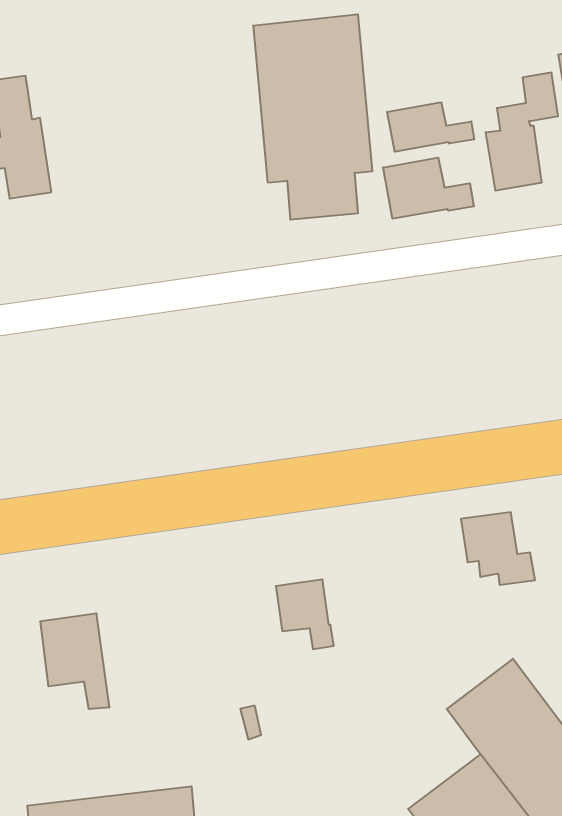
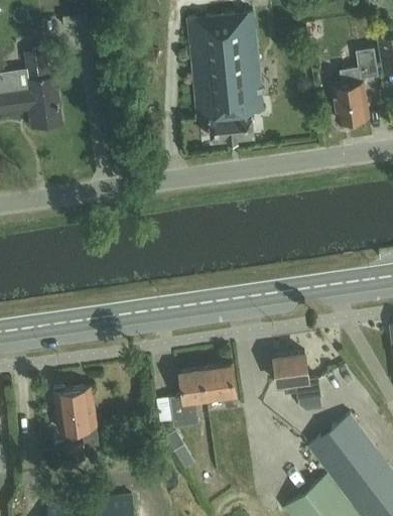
building: [387,102,474,152] -> none
building: [383,158,474,219] -> none
building: [461,512,535,585] -> [273,354,319,399]
building: none -> [169,370,206,428]

